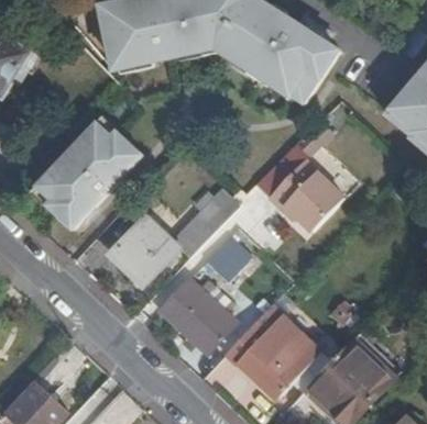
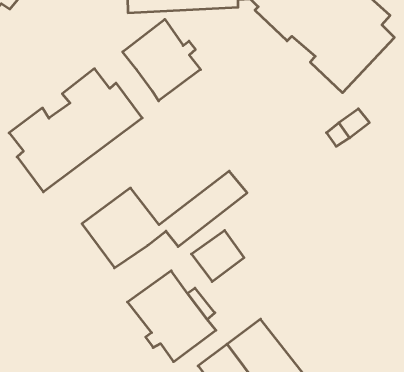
building: none -> [123,19,201,101]
building: [266,154,346,231] -> none

